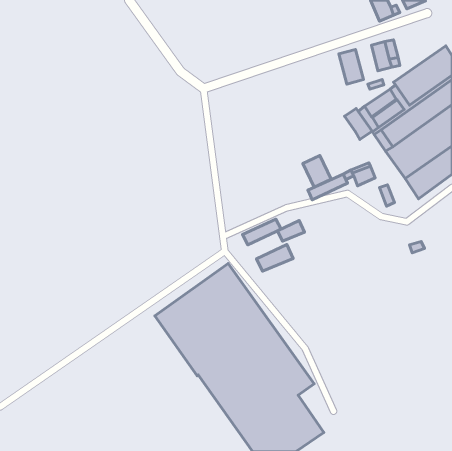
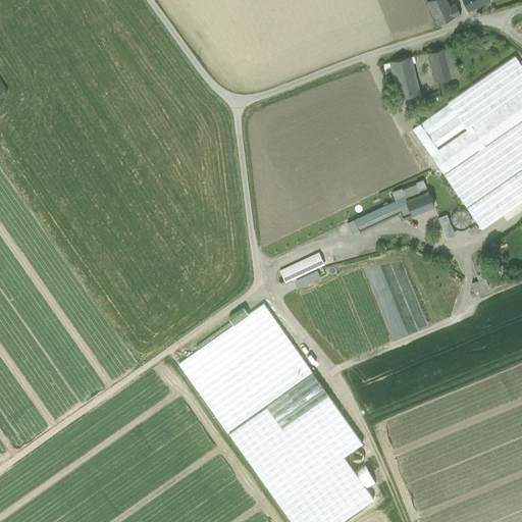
building: [344,108,372,140] -> none
building: [303,155,331,187] -> none
building: [278,221,305,241] -> none
building: [256,245,293,271] -> none

